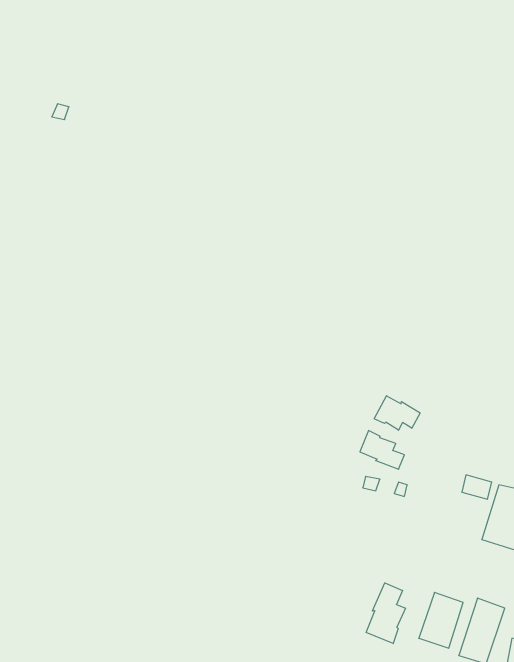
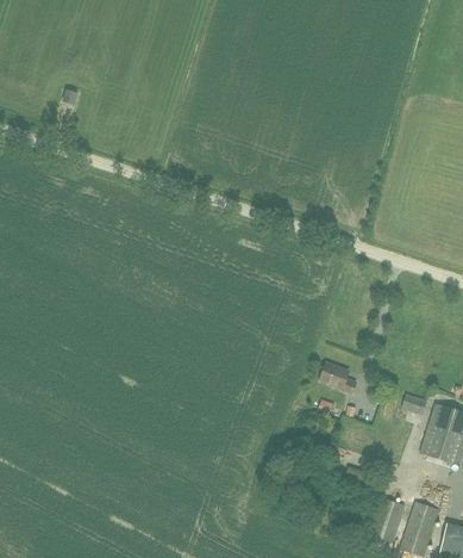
building: [374,396,420,430] -> none
building: [366,583,405,644] -> none

